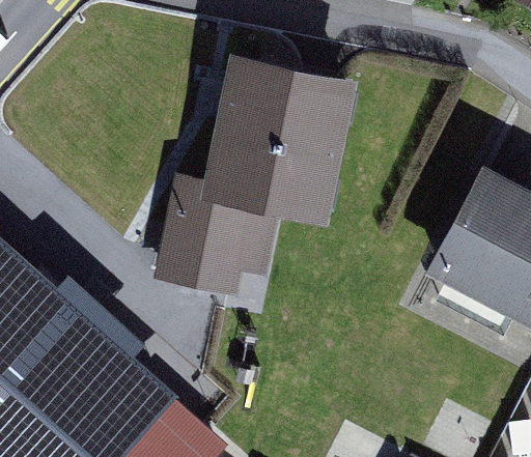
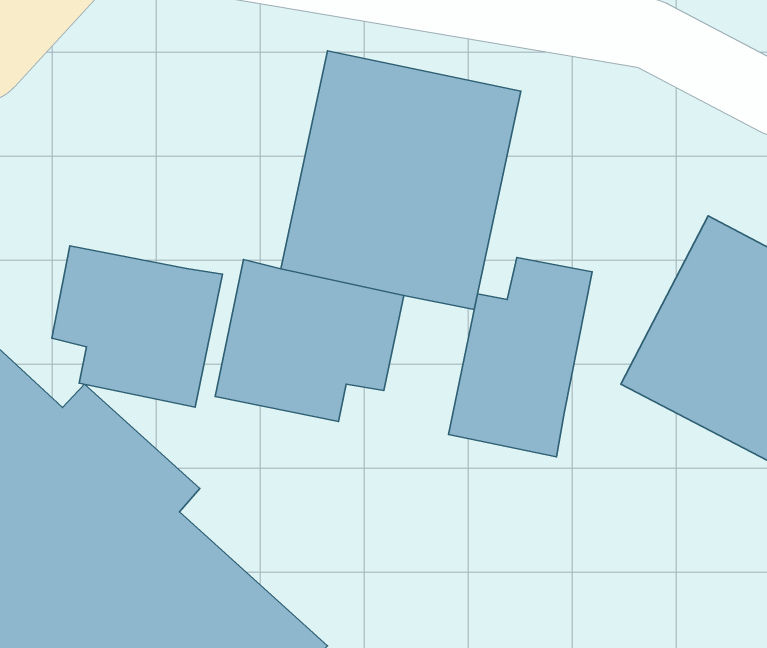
building: none -> [52,246,222,407]
building: none -> [448,257,592,457]

